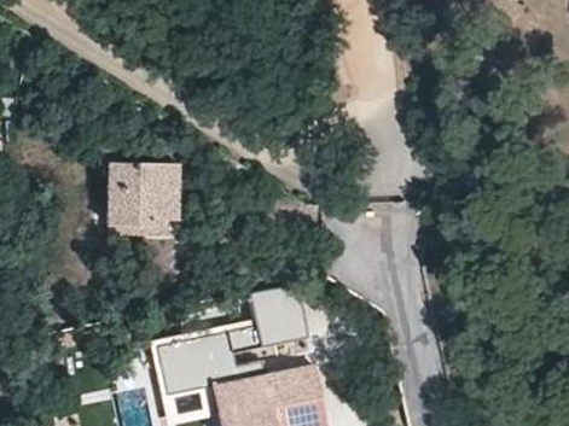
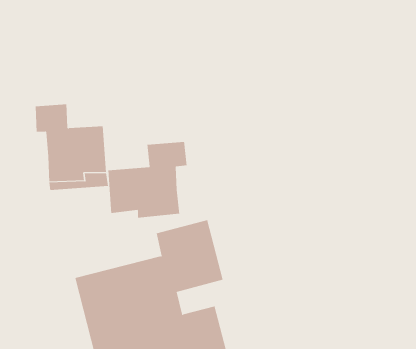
building: none -> [108,141,187,218]

